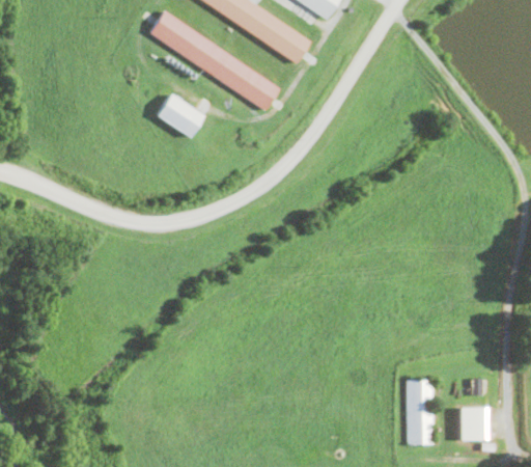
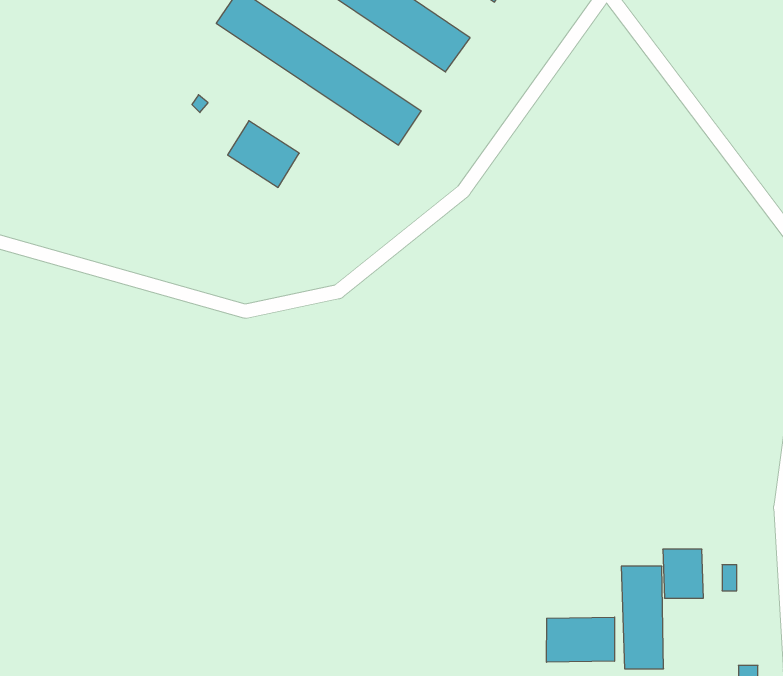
building: [457,408,483,439] -> [663,549,703,598]
building: none -> [547,617,615,662]

